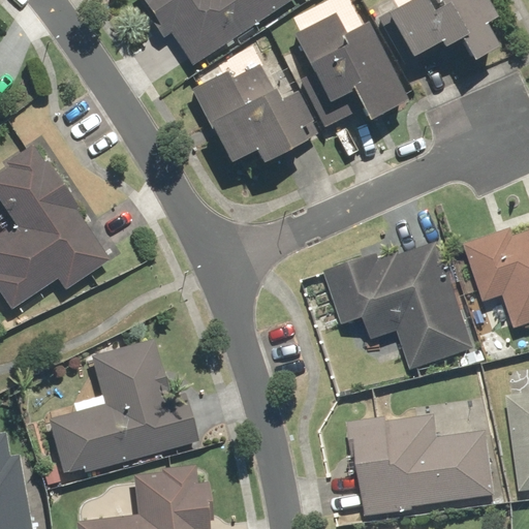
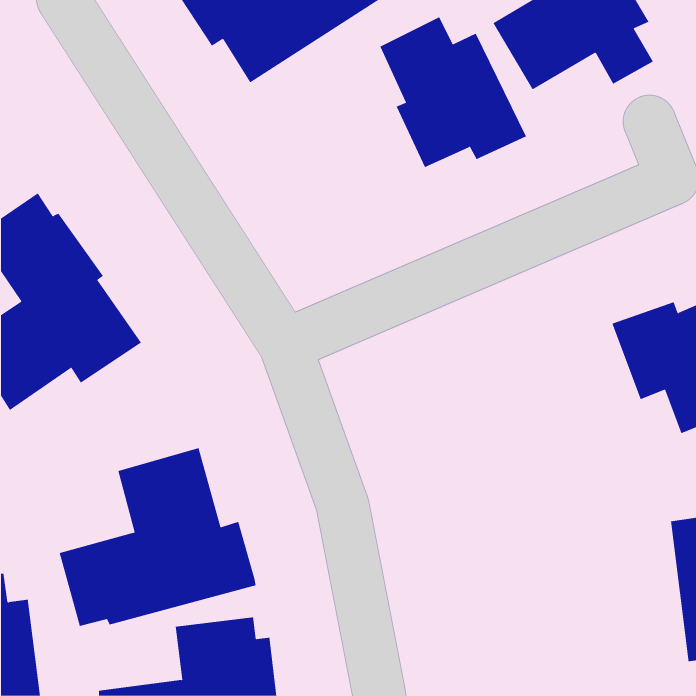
building: [191,67,306,163] -> none
building: [325,239,477,368] -> none
building: [349,413,498,519] -> none

